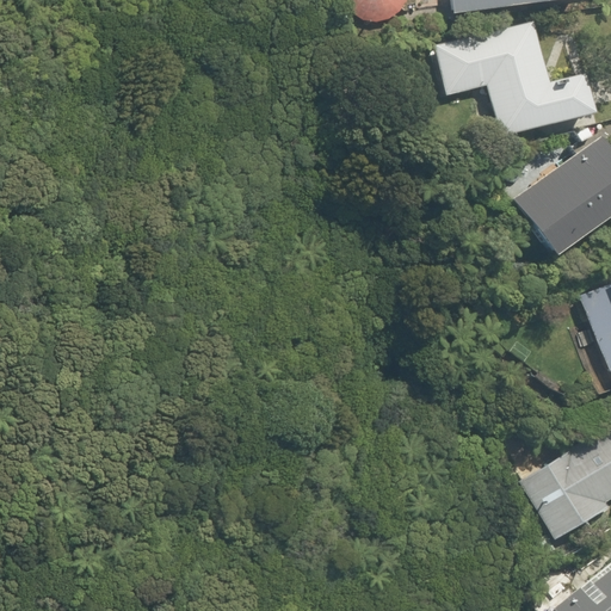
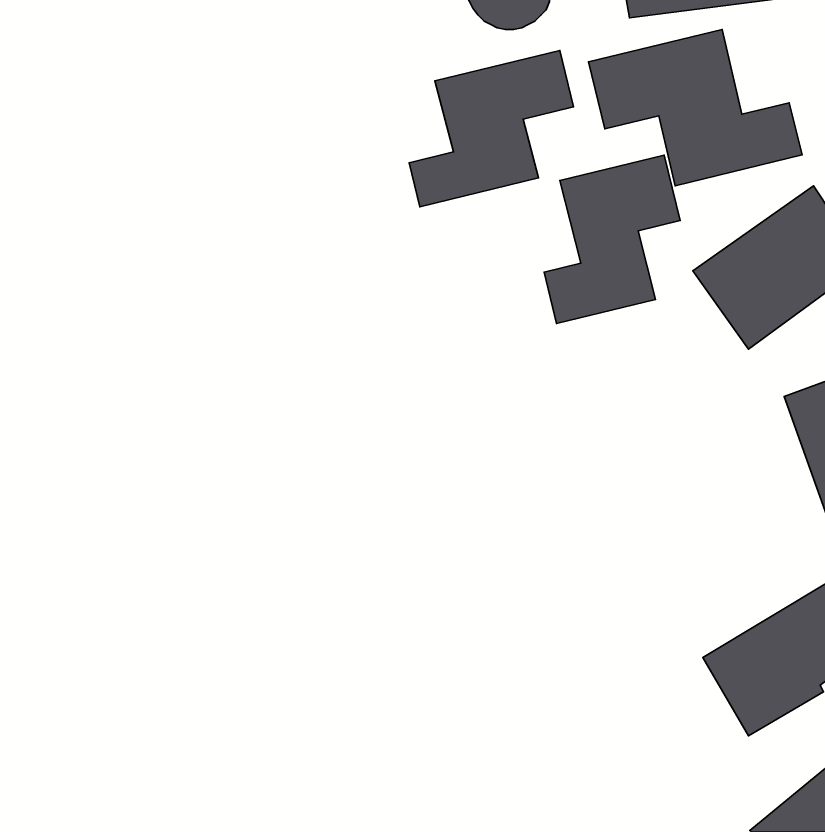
building: none -> [409,50,573,207]
building: none -> [544,155,680,324]

